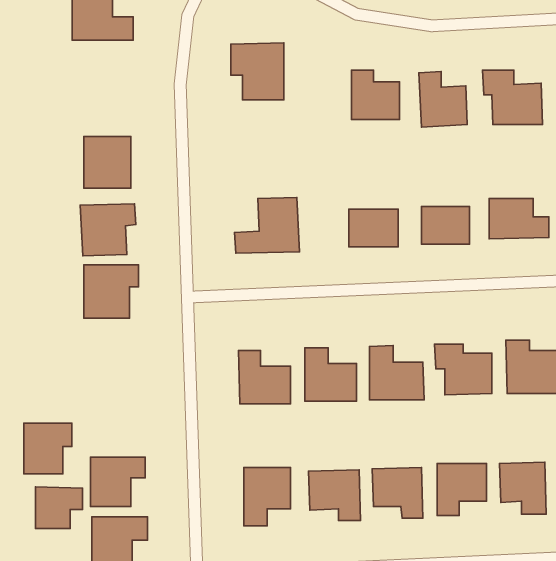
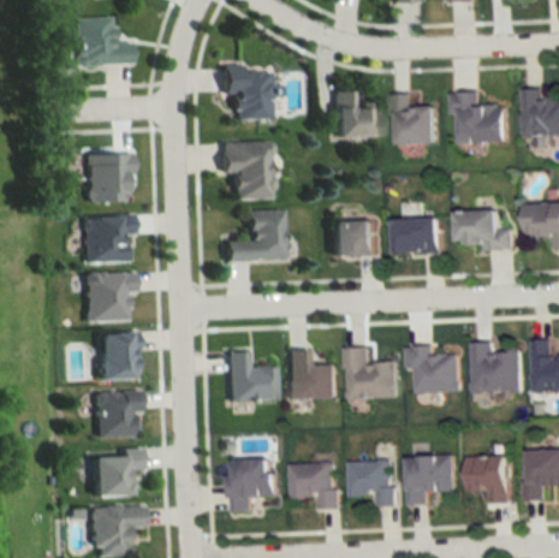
building: none -> [218,141,268,198]
building: none -> [94,333,132,379]
building: [24,423,72,474] -> [93,390,137,437]
building: [36,487,83,528] -> none

